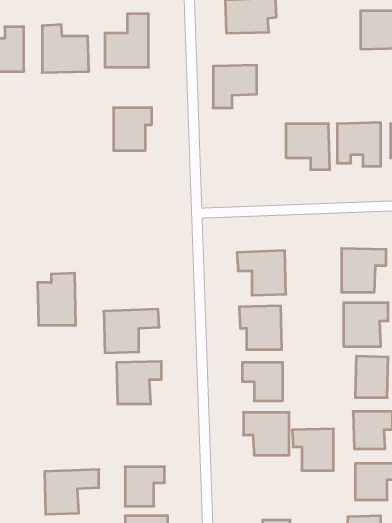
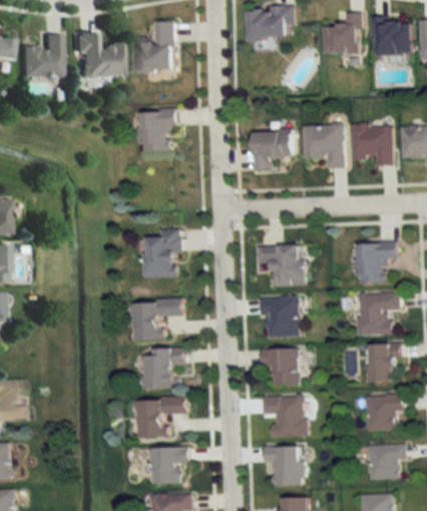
building: none -> [323,12,361,52]
building: [213,65,257,108] -> [253,129,294,169]
building: [37,273,76,325] -> [144,227,180,277]
building: [292,429,334,470] -> [264,446,303,485]
building: [45,469,99,514] -> [136,396,187,438]

